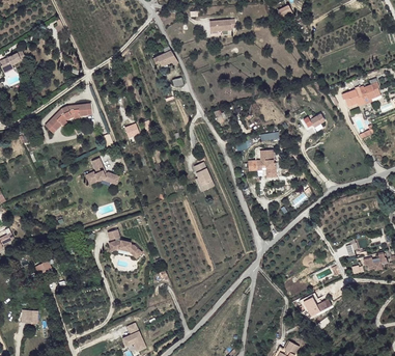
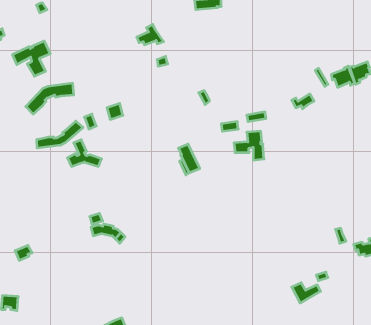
building: none -> [13,41,50,76]
building: none -> [37,121,83,148]

